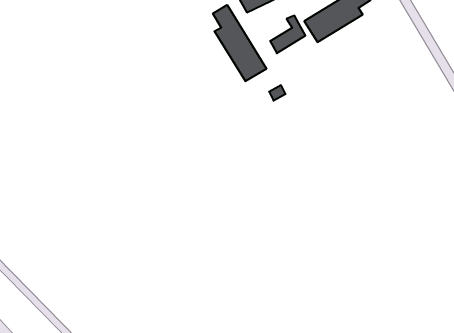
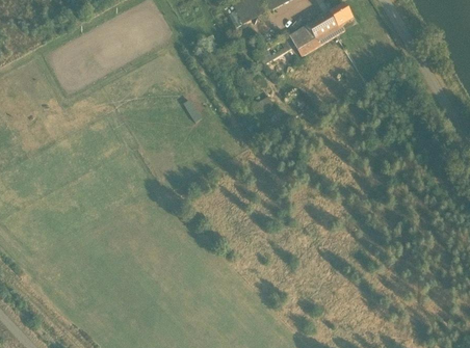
building: [213,5,266,81] -> none

